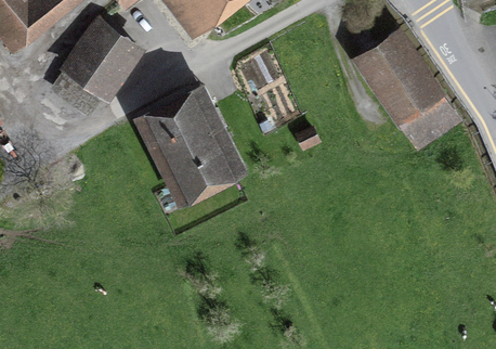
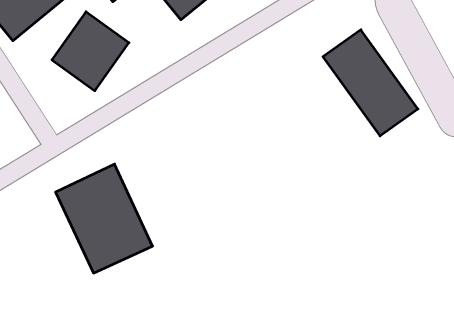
building: [140,85,245,203] -> [56,164,153,273]

